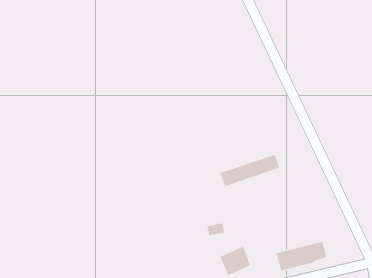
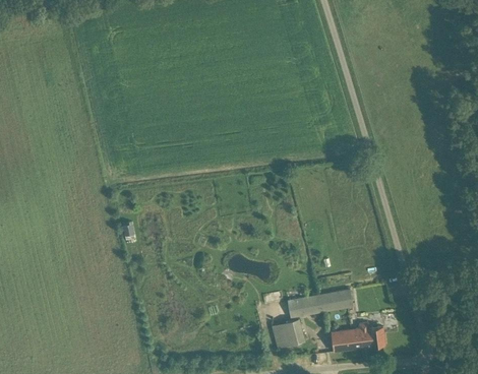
building: [219,154,280,187] -> [289,290,353,316]

